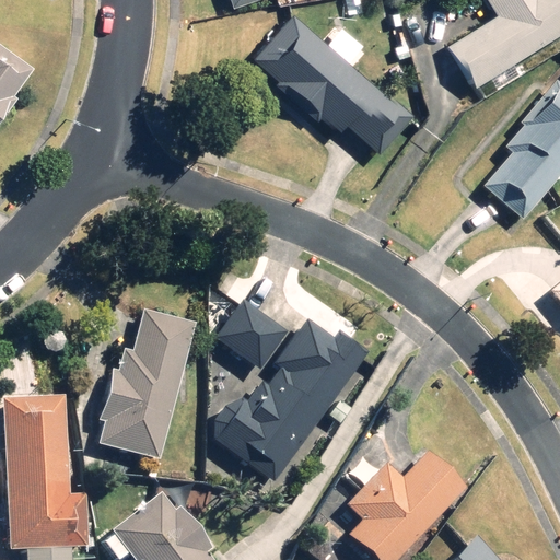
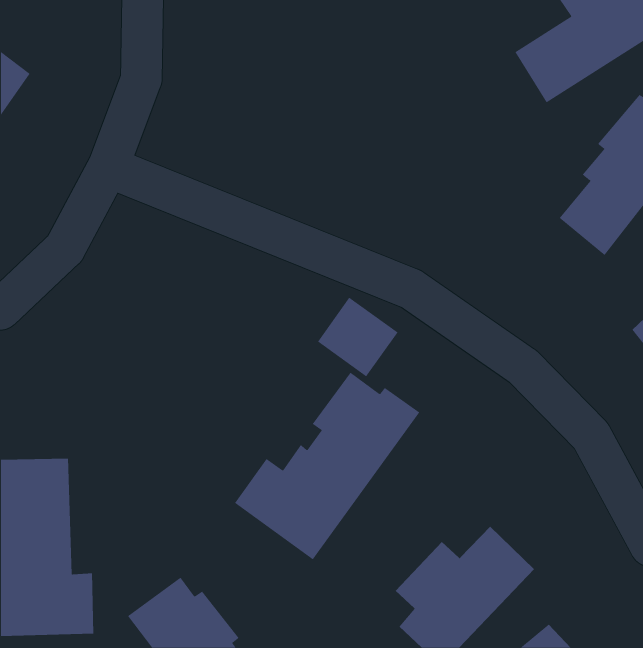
building: [250,12,416,154] -> none
building: [217,301,287,370] -> [317,297,398,377]
building: [93,310,196,458] -> none

